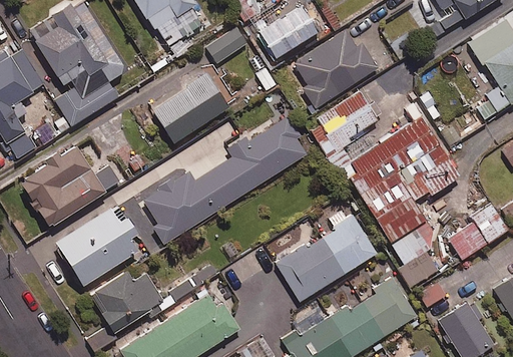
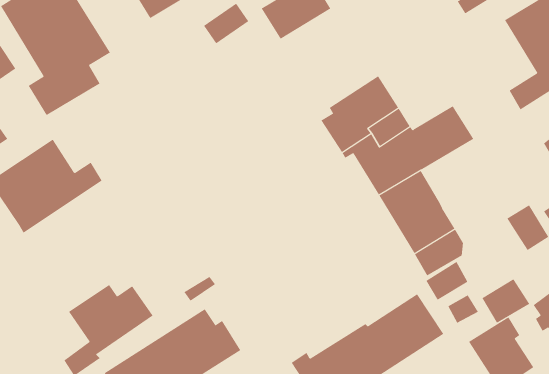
building: [294,30,377,107] -> none
building: [151,68,229,143] -> none
building: [138,116,306,243] -> none
building: [396,145,461,200] -> none
building: [55,203,138,286] -> none
building: [277,209,377,301] -> none
building: [446,221,488,260] -> [482,278,530,323]

